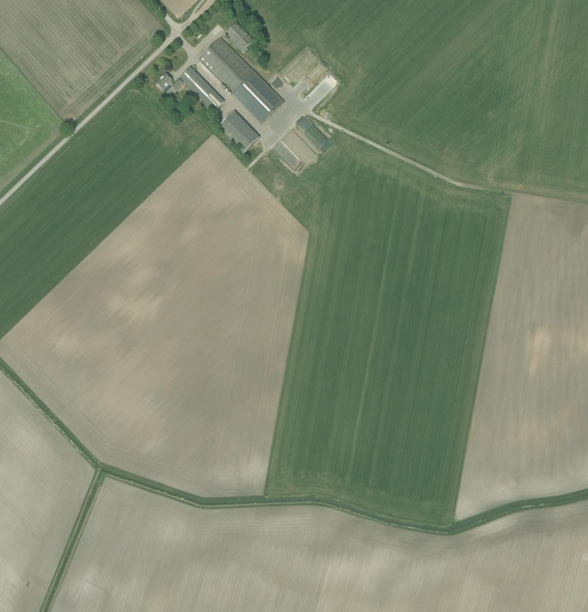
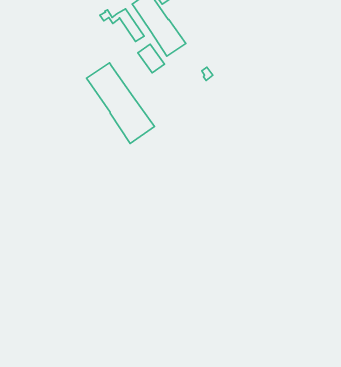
building: none -> [87,63,154,144]

